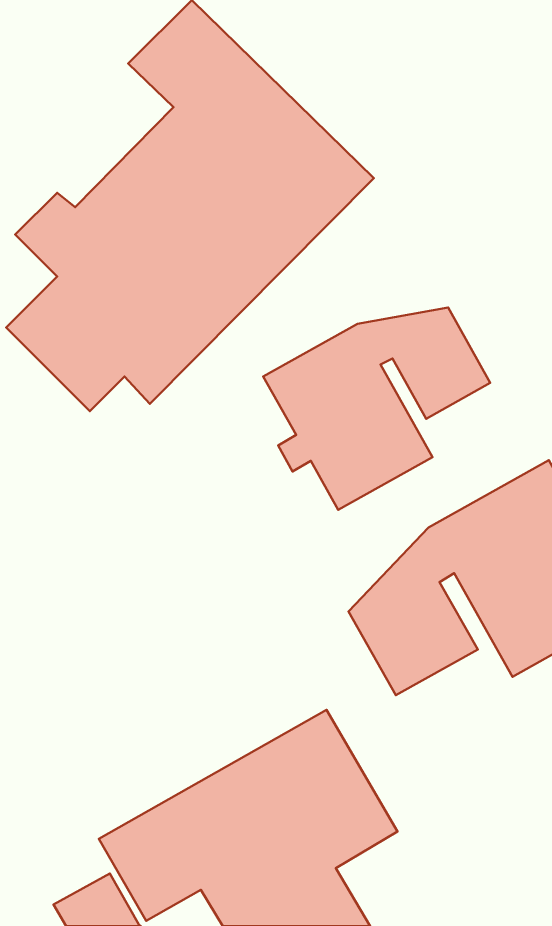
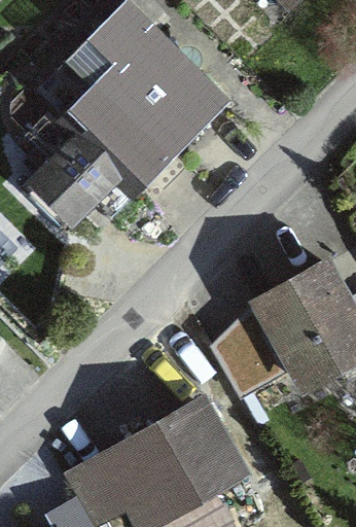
building: [263,308,490,510] -> none

